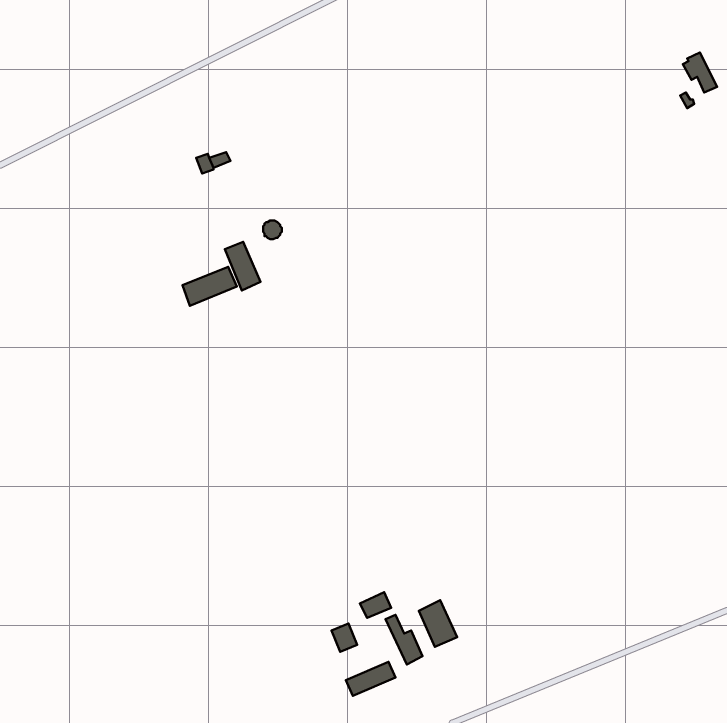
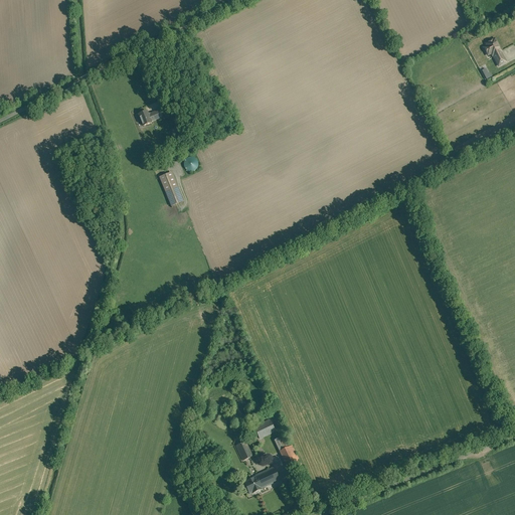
building: [182,267,237,306] -> none
building: [419,600,457,647] -> none

